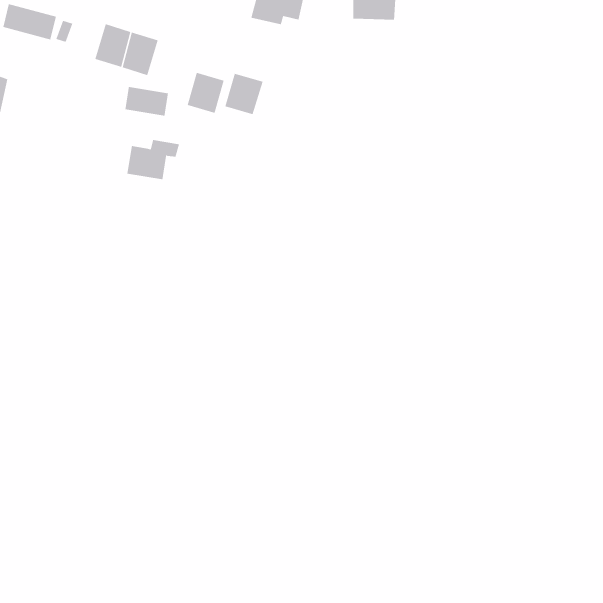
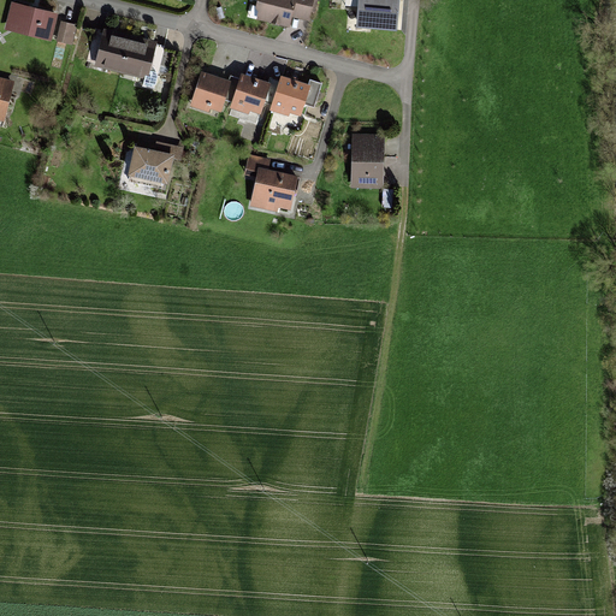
building: none -> [268,76,308,118]
building: [125,86,169,116] -> none
building: none -> [351,136,381,188]
building: none -> [244,156,295,212]

